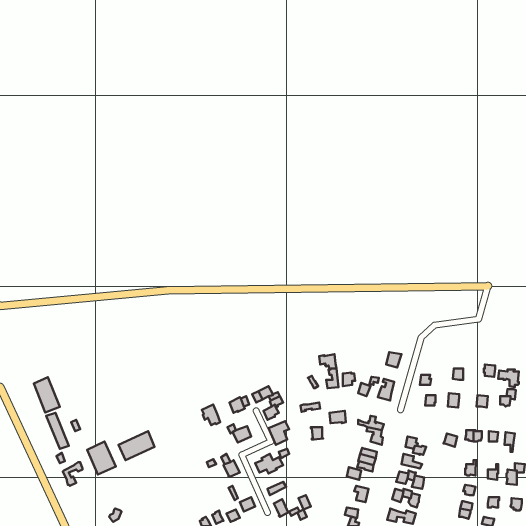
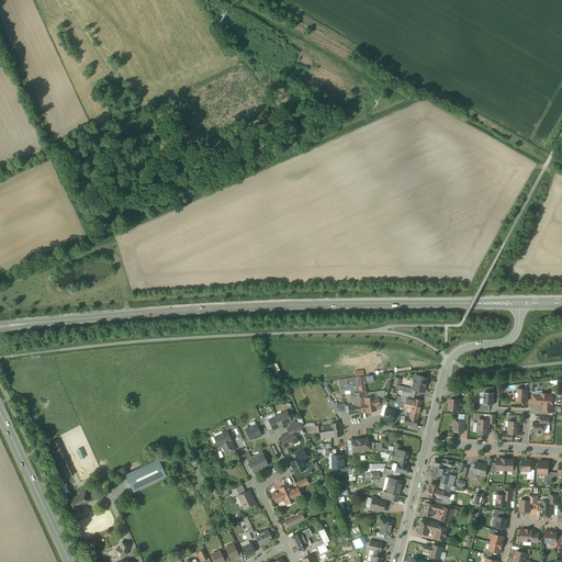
building: [34,377,60,413] -> none
building: [87,441,116,474] -> none

